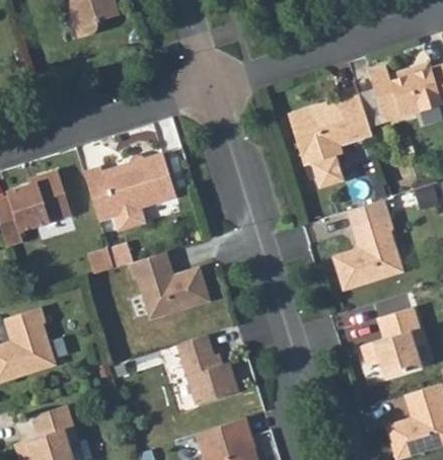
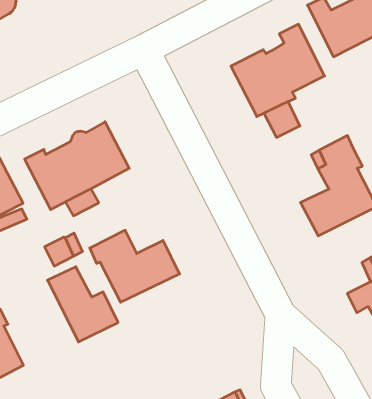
building: [180,334,239,404] -> [47,267,118,342]

